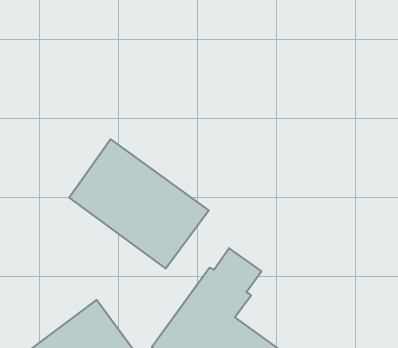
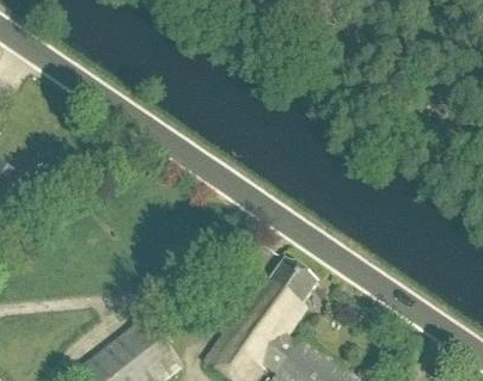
building: [69,139,209,269] -> none

